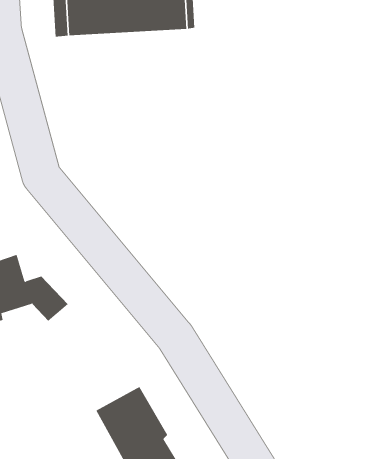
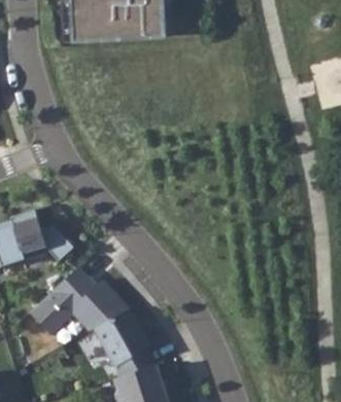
building: none -> [28,267,127,334]

